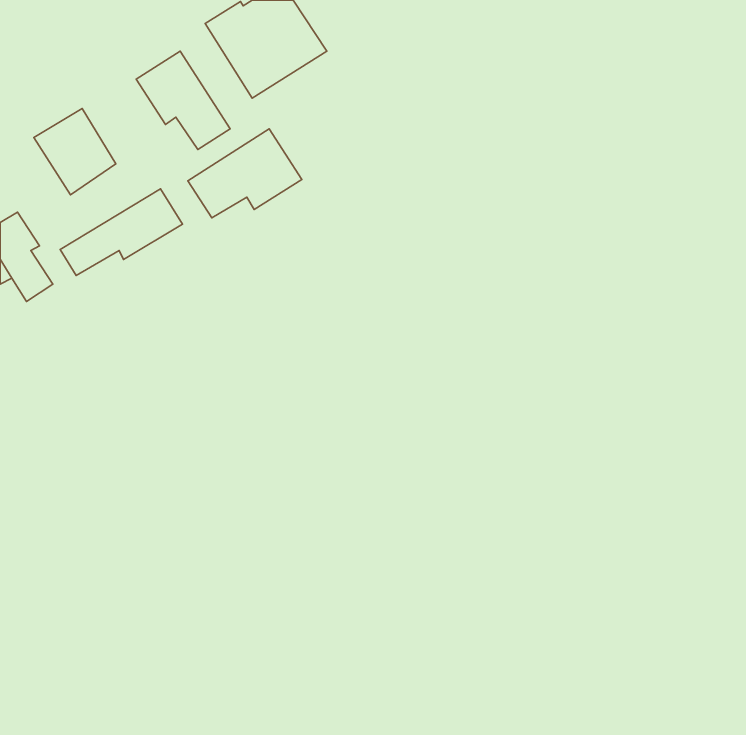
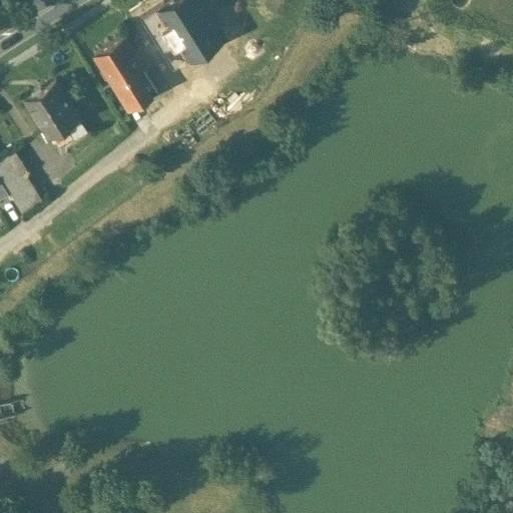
building: [188,129,302,218] -> none
building: [60,189,182,276] -> none

